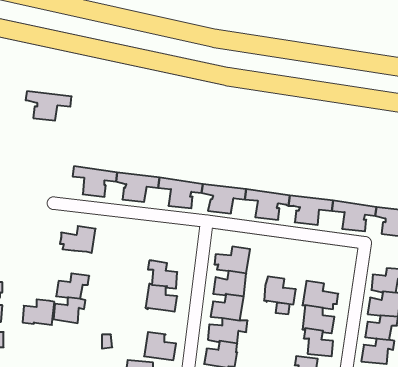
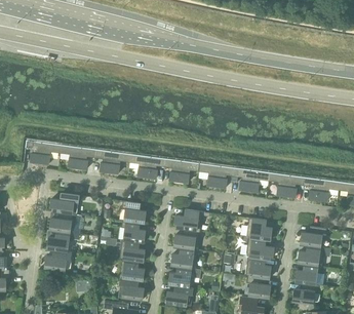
building: [26,91,72,121] -> [25,141,62,164]
building: none -> [122,201,146,224]
building: [264,276,296,304] -> [246,218,272,240]
building: [23,299,54,325] -> [50,212,76,233]
building: none -> [119,259,145,281]

